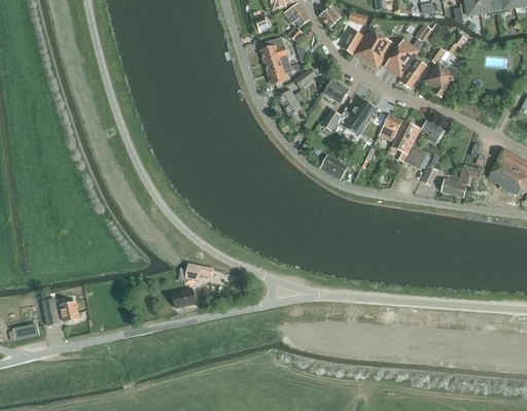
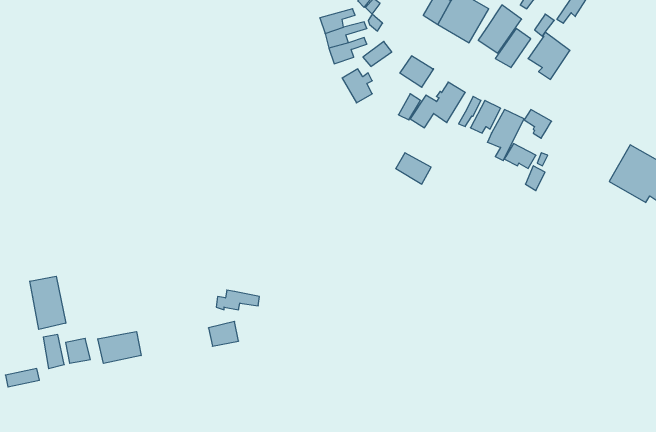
building: [441,164,482,197] -> none
building: none -> [30,276,66,329]
building: none -> [98,332,141,363]

